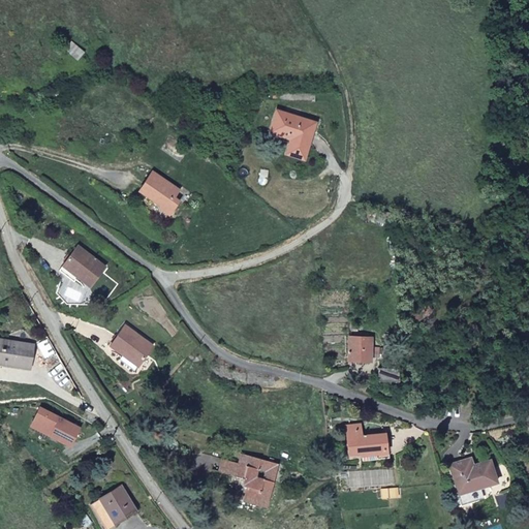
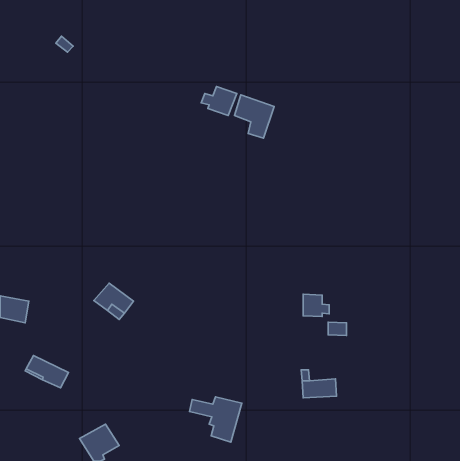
building: none -> [201,87,237,116]
building: [141,172,180,216] -> none
building: [59,245,105,287] -> none
building: [447,458,499,494] -> none

